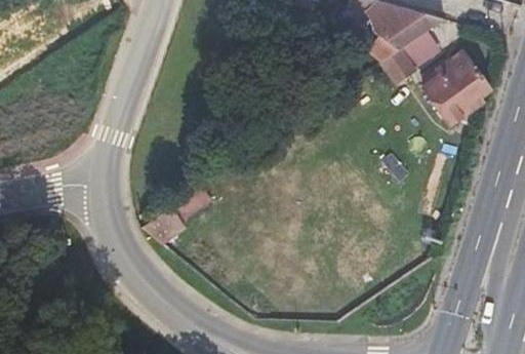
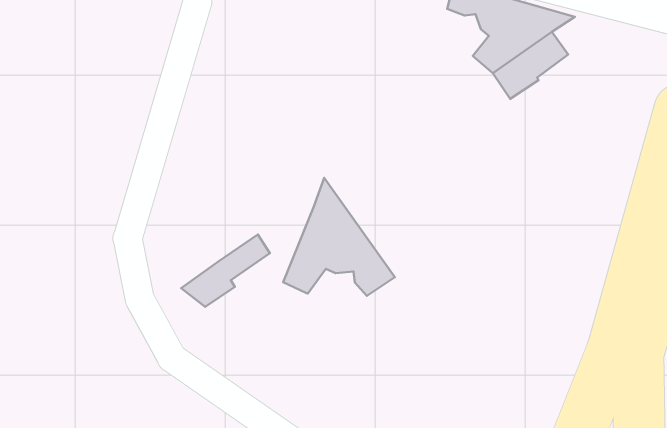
building: [421,49,493,120] -> none
building: none -> [283,178,395,296]

